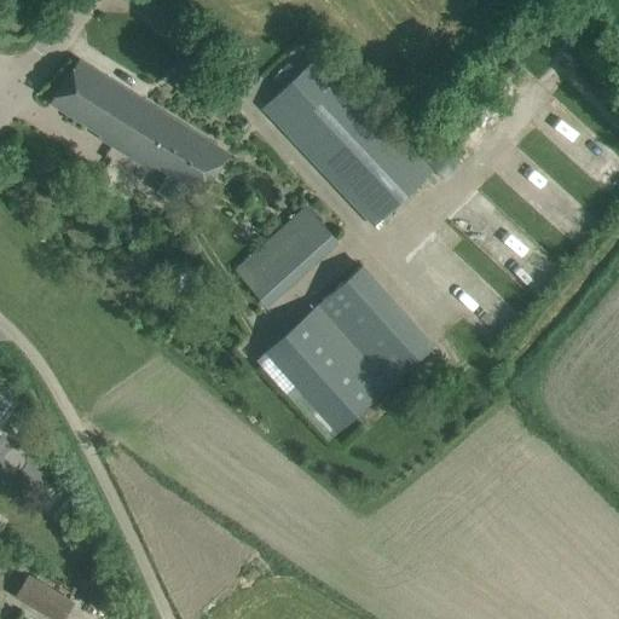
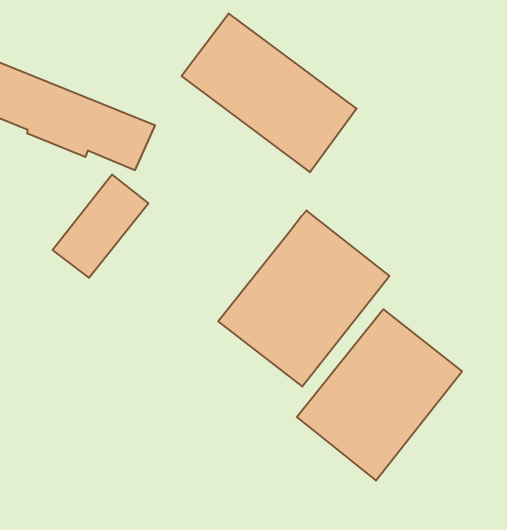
building: [233,206,337,305] -> [53,175,148,278]
building: none -> [297,309,462,481]

